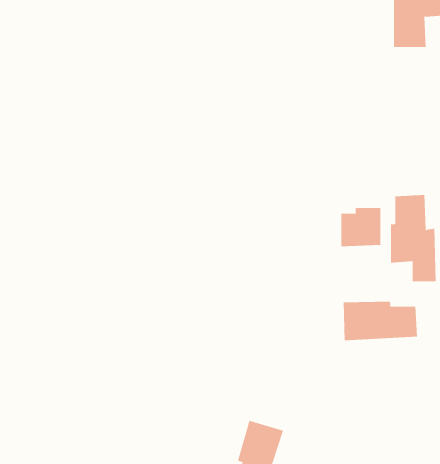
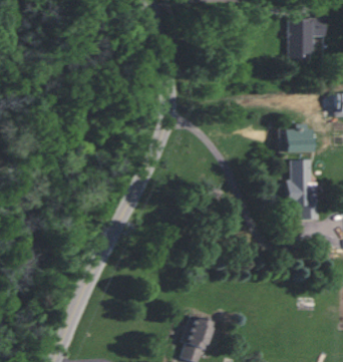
building: [340,207,381,247] -> [286,125,314,152]
building: [343,301,417,341] -> none

